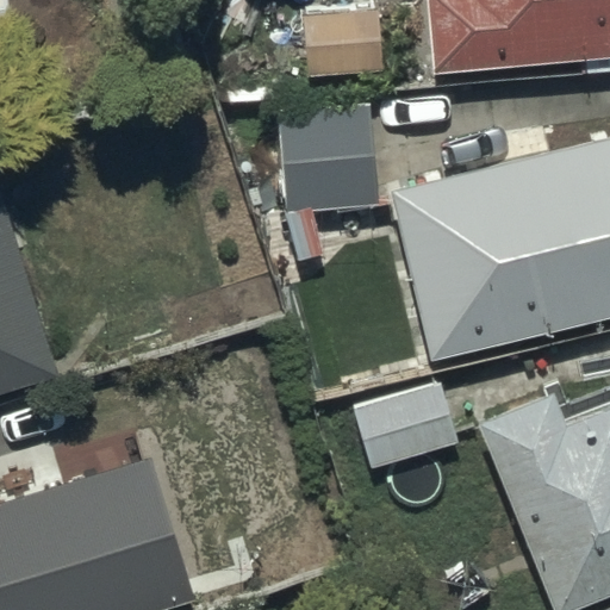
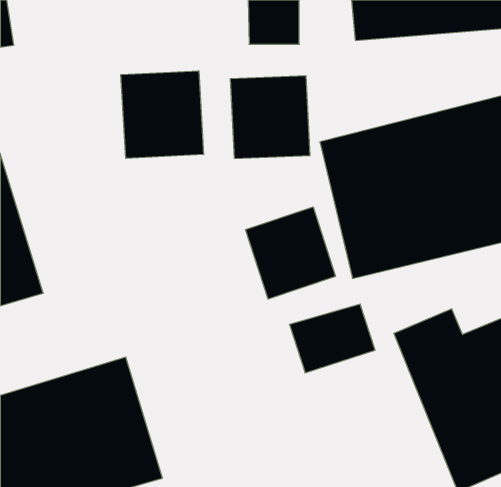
building: none -> [121,71,204,158]
building: none -> [246,207,336,299]

